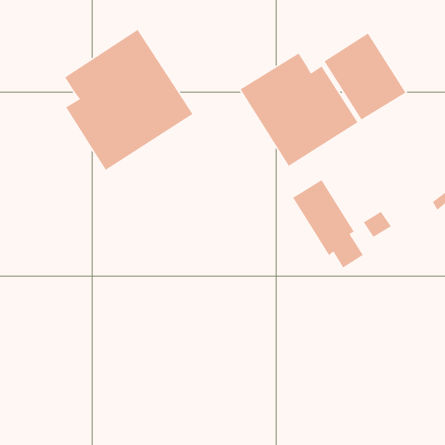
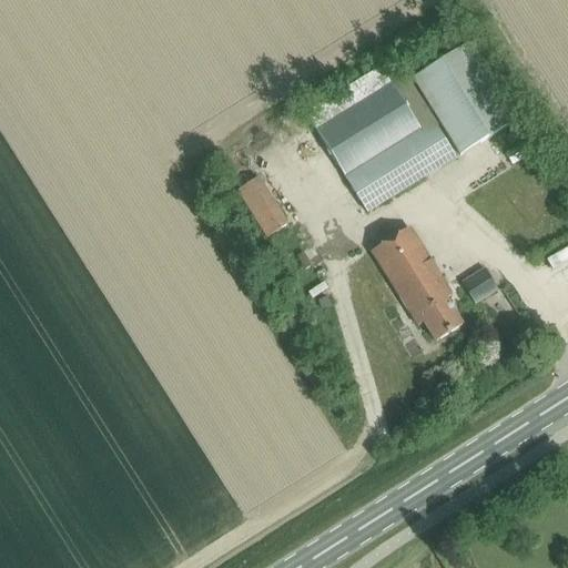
building: [64,29,194,171] -> none
building: none -> [237,176,290,237]

